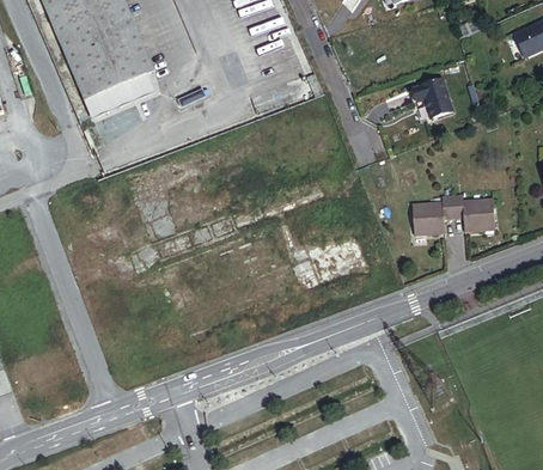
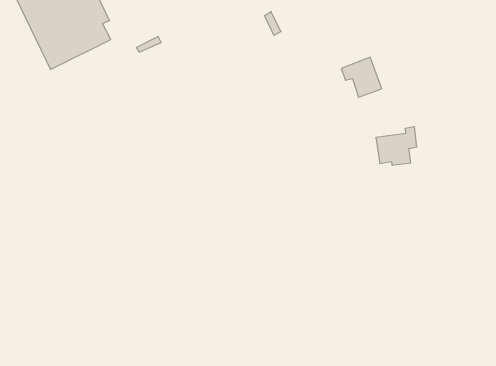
building: [411,78,451,117] -> [341,57,382,97]
building: [451,195,494,230] -> none

